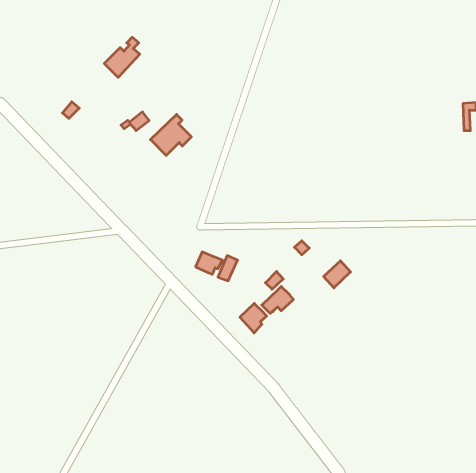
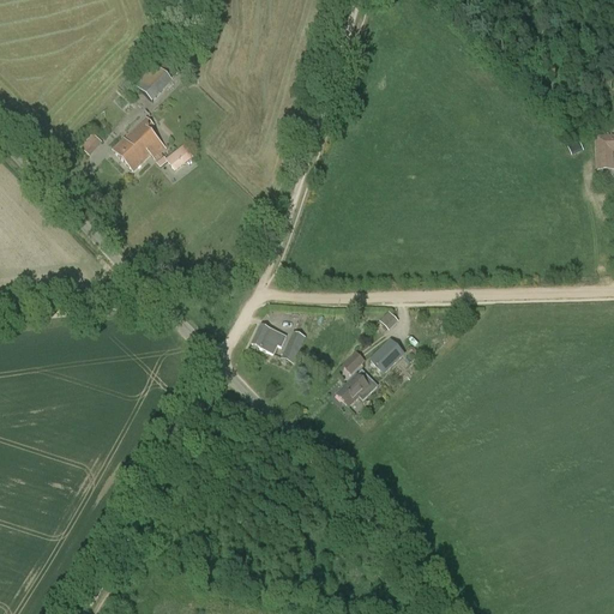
building: [150,114,191,155] -> [113,115,165,168]
building: [324,261,351,288] -> [369,337,404,372]
building: [240,303,267,333] -> none

